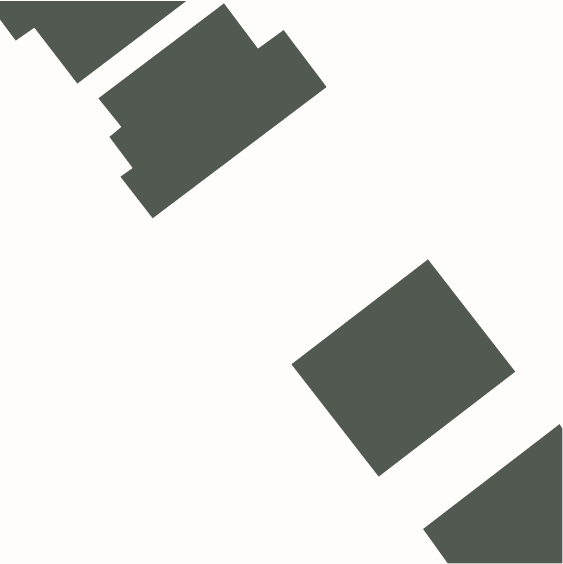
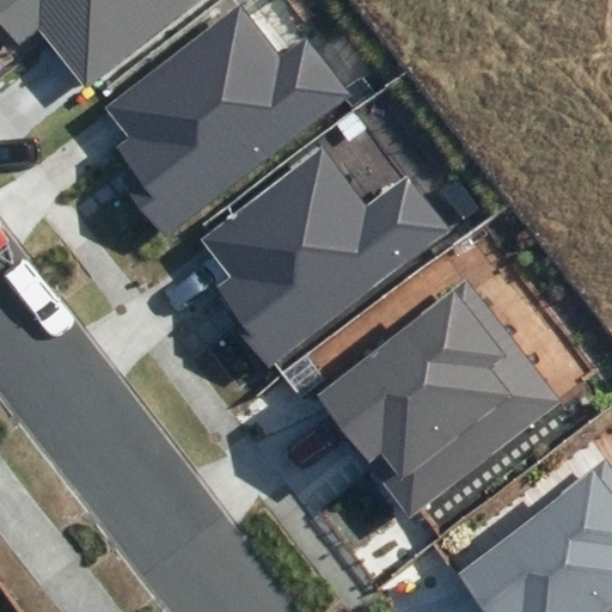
building: none -> [198,147,451,369]

